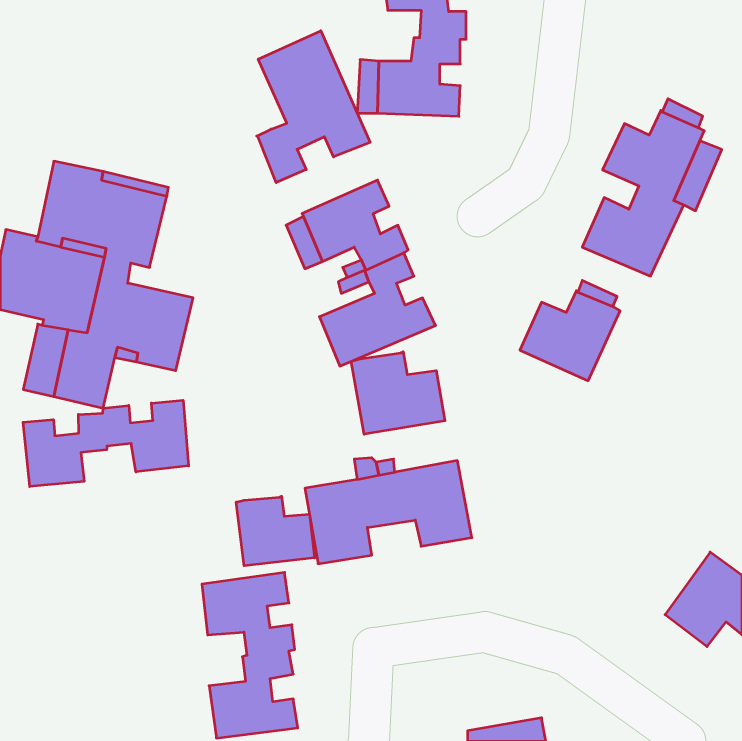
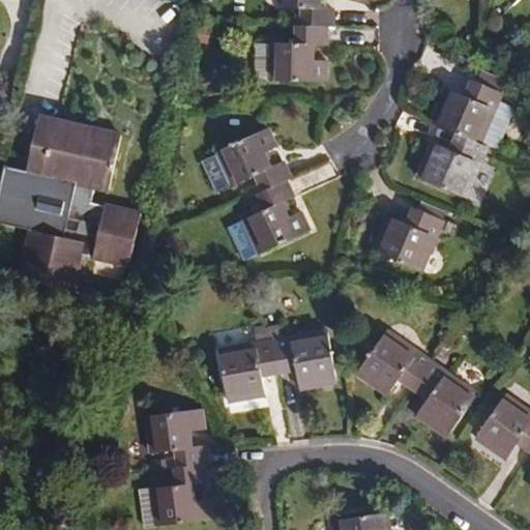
building: [257,31,370,183] -> none
building: [351,352,445,434] -> none
building: [23,400,189,487] -> none
building: none -> [356,329,476,438]
building: [236,496,315,566] -> none

